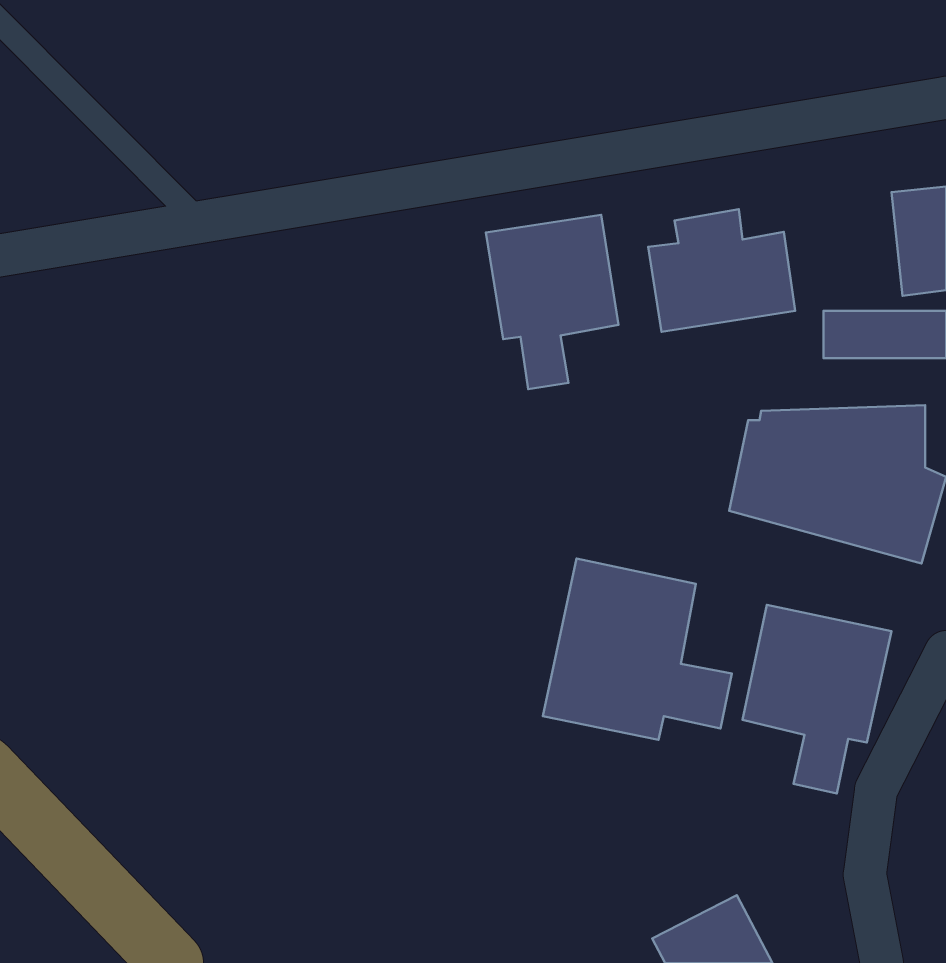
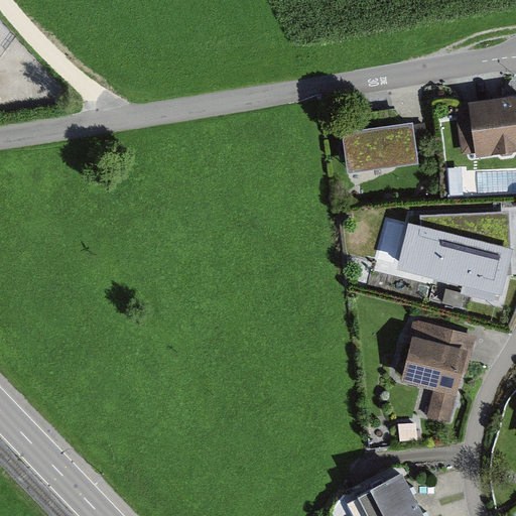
building: [486,215,618,389] -> none
building: [543,559,732,740] -> none

